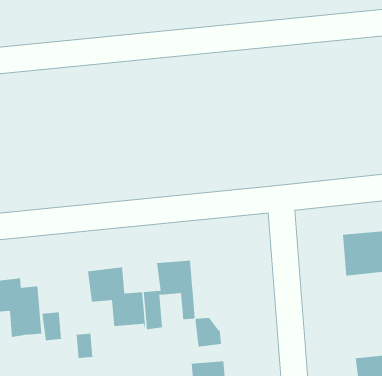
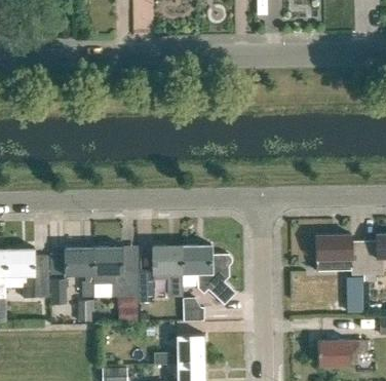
building: none -> [184,245,237,305]
building: none -> [66,247,95,298]

